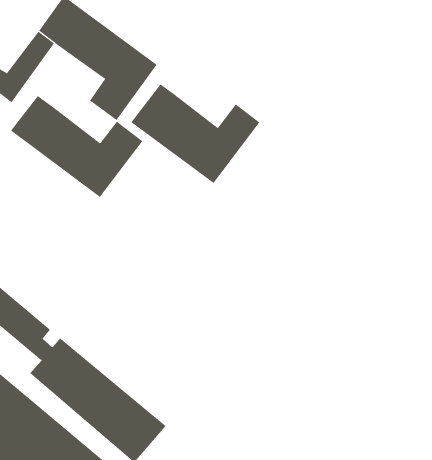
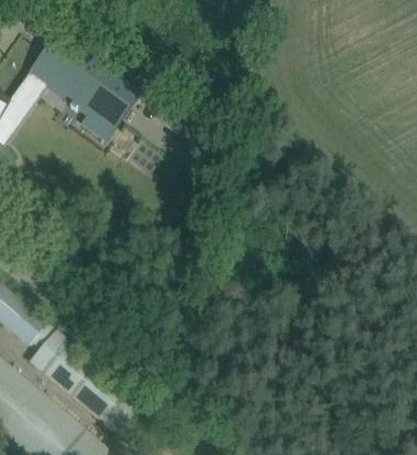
building: [131,83,260,184] -> none
building: [10,95,143,198] -> none

